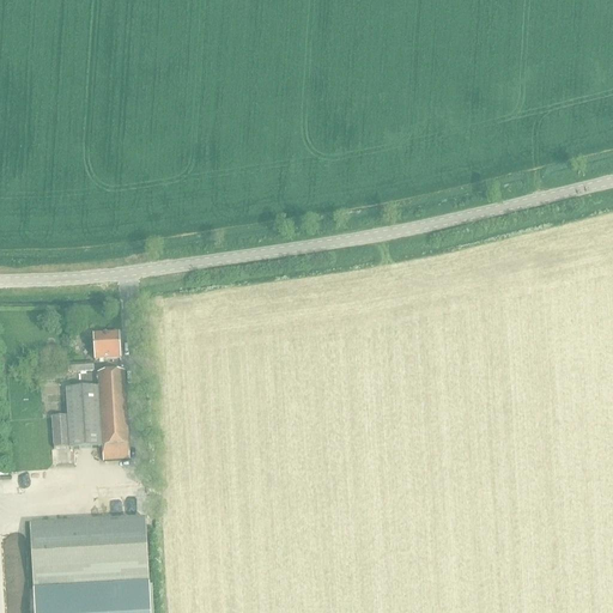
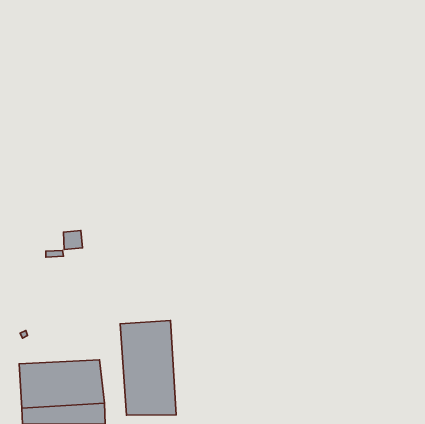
building: [49,369,127,459] -> none
building: none -> [120,321,176,415]

